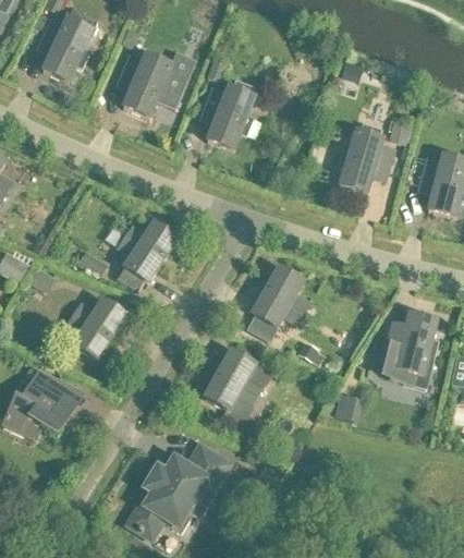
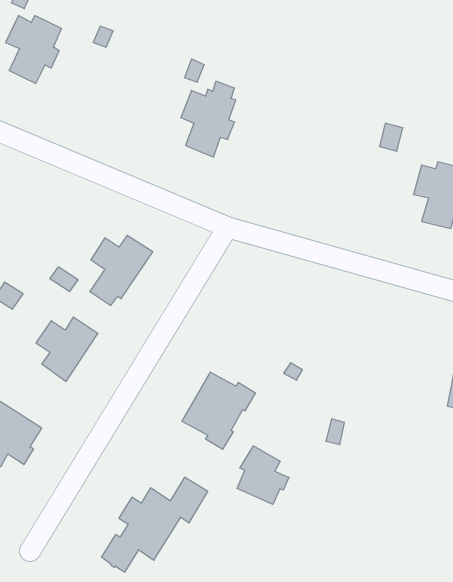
building: [119,52,188,116] -> none
building: [339,121,393,191] -> none
building: [248,266,308,338] -> none
building: [382,312,437,385] -> none
building: none -> [237,446,289,504]

